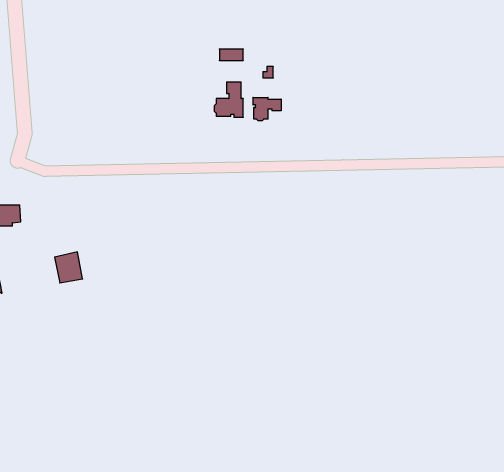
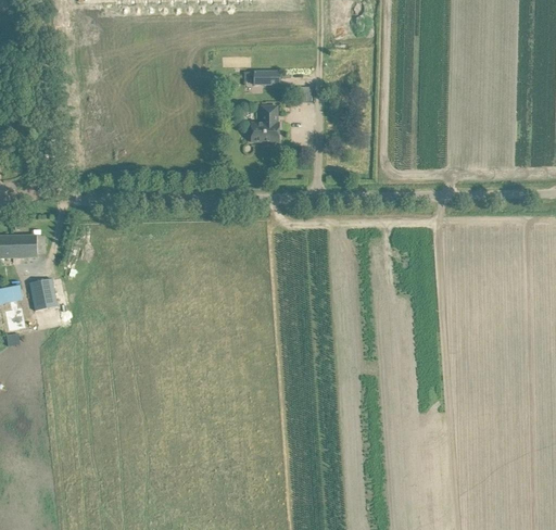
building: [253,97,281,121] -> none
building: [55,252,83,283] -> [28,277,58,310]

